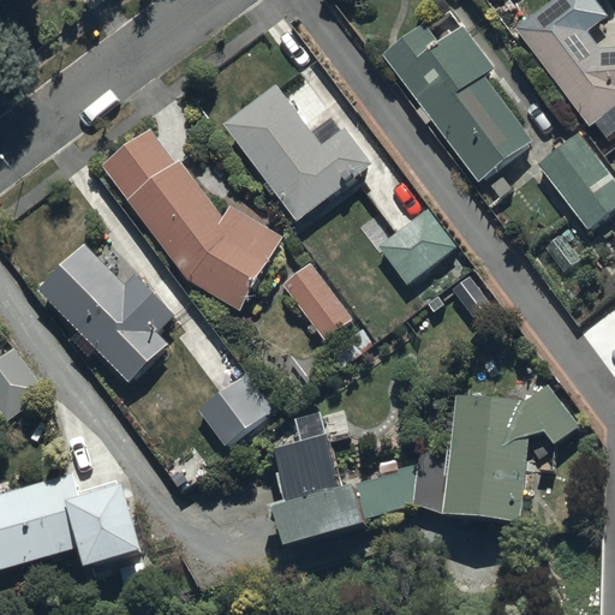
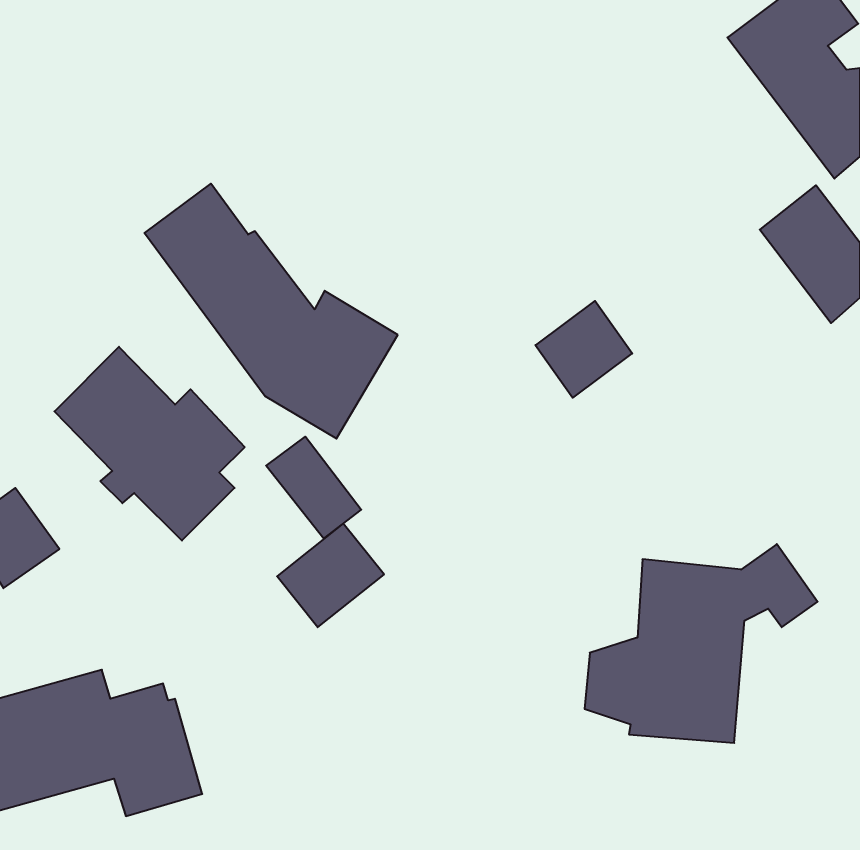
building: [382,24,532,181] -> none
building: [222,85,371,221] -> none
building: [282,263,350,335] -> [266,437,361,539]
building: [274,438,417,557] -> none

